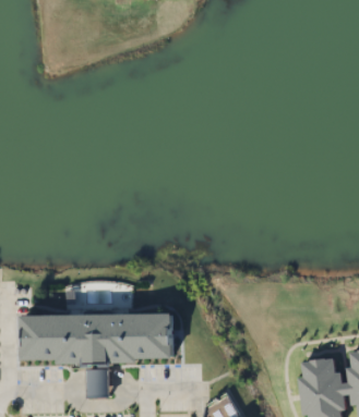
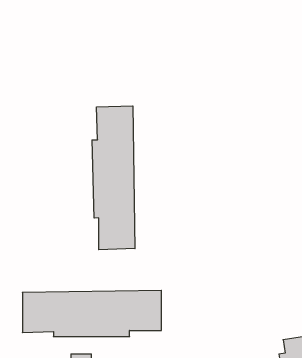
building: none -> [92,106,135,250]

